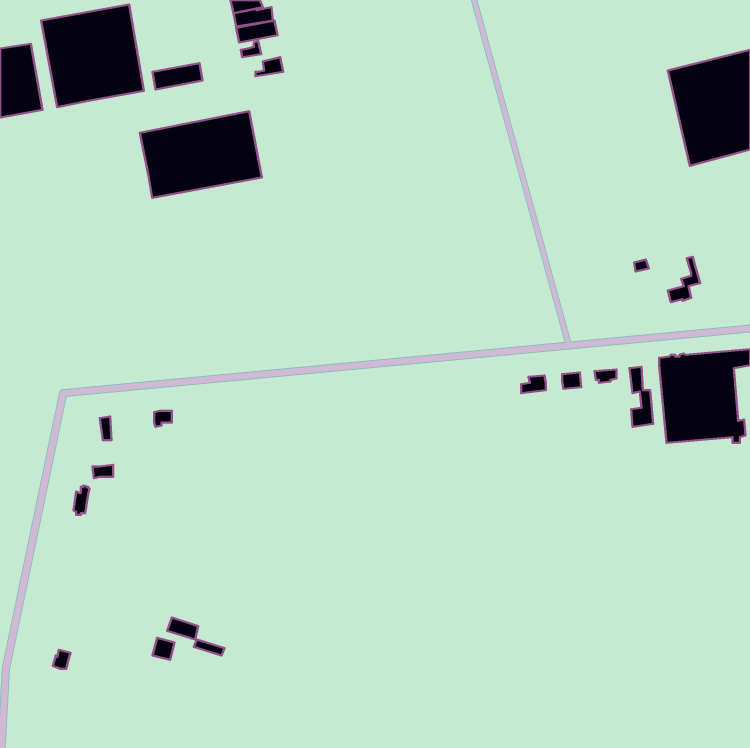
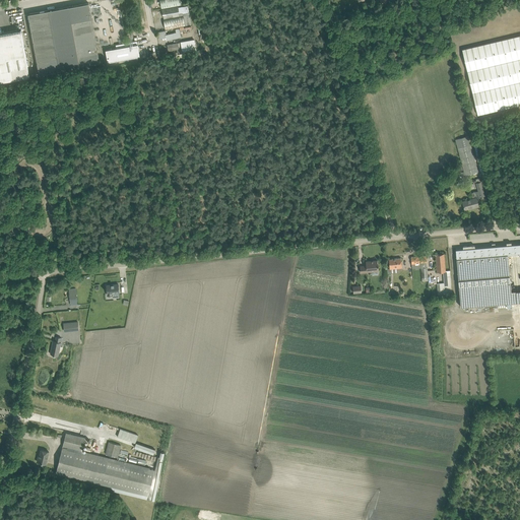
building: [140,111,262,198] -> none
building: none -> [456,137,478,179]
building: none -> [56,434,165,502]

